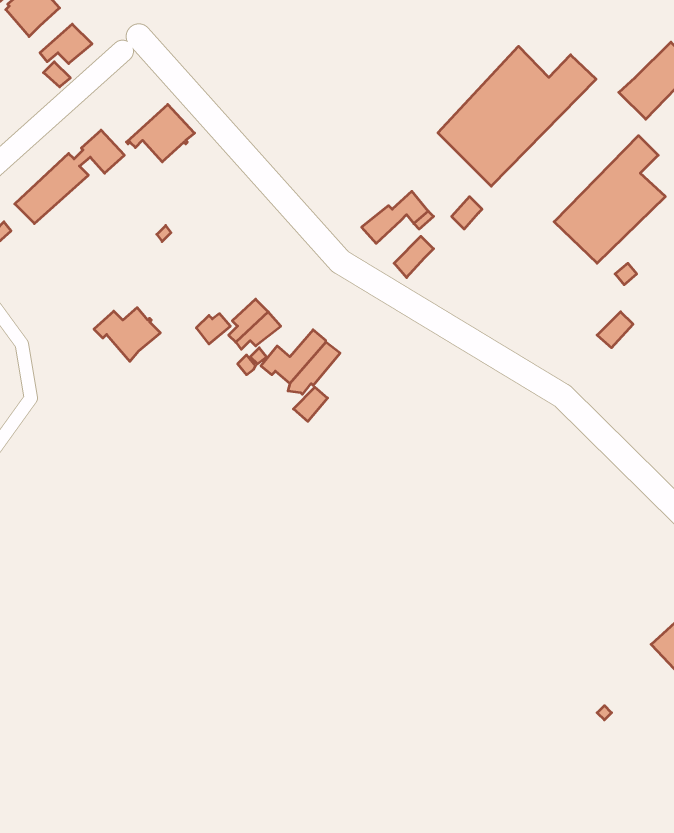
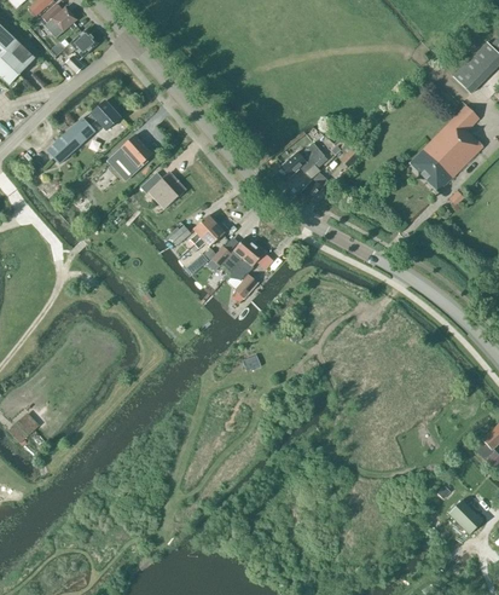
building: [438,46,596,186] -> none
building: [126,104,195,162] -> [105,135,151,174]
building: [94,308,160,361] -> [139,173,184,209]
building: none -> [447,498,482,535]

